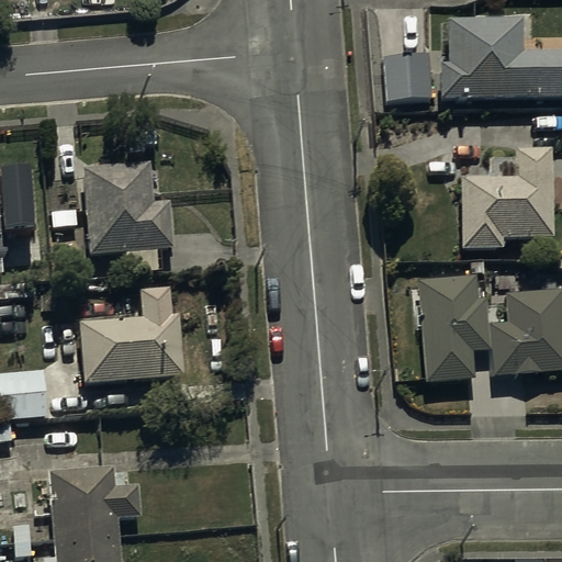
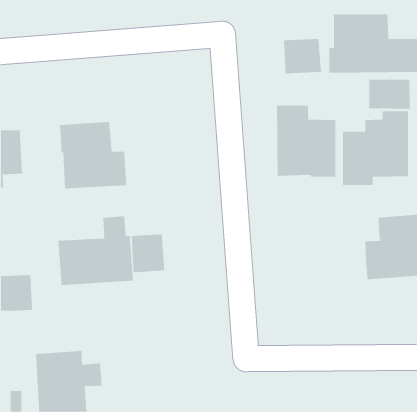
building: none -> [369,79,410,109]
building: none -> [277,105,336,177]
building: [418,274,492,382] -> none
building: none -> [131,233,165,273]

